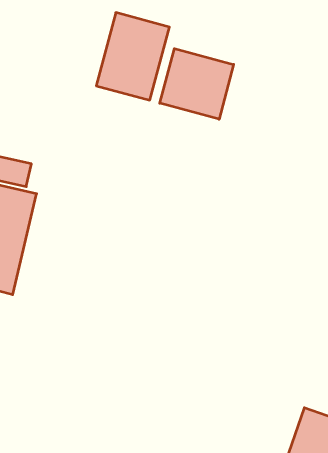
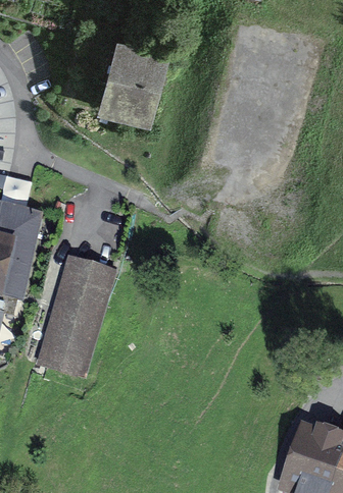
building: [160,49,234,119] -> none
building: none -> [42,261,112,373]

